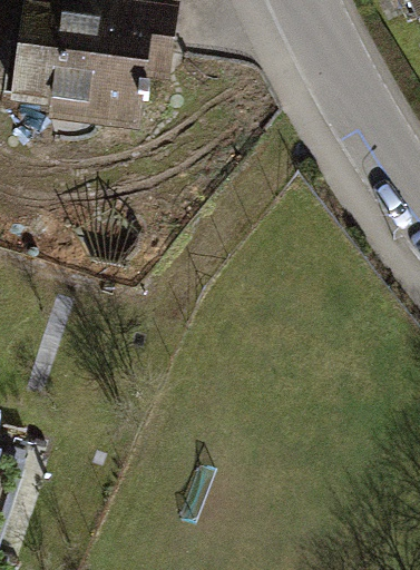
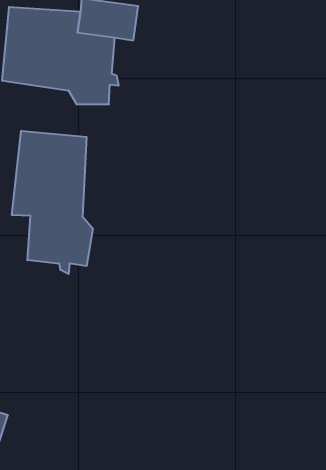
building: none -> [12,131,93,274]

